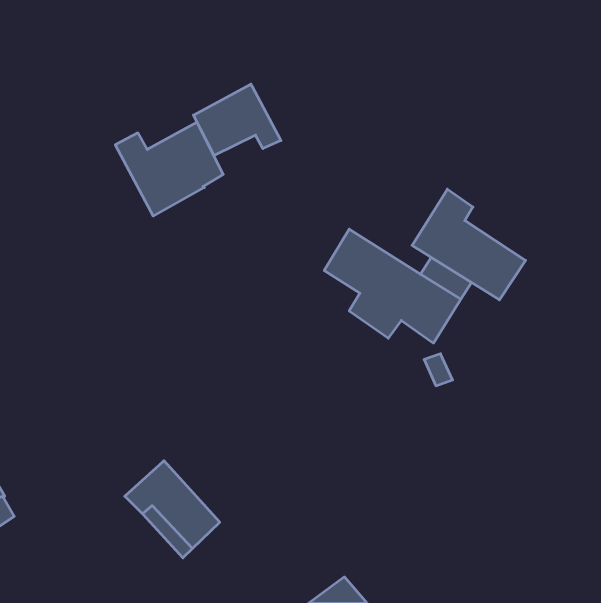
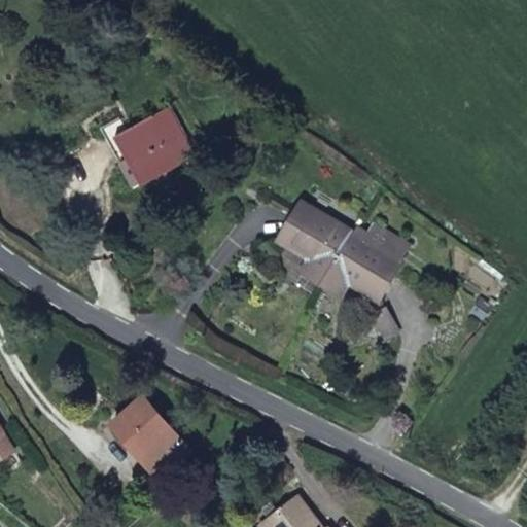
building: [193,84,281,156] -> none
building: [412,189,526,300] -> none

